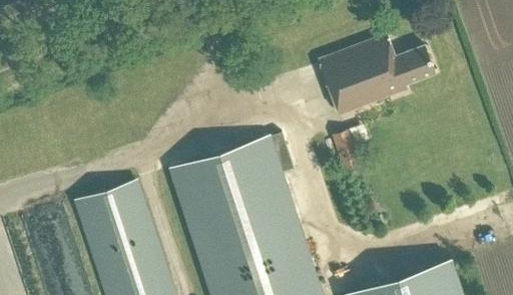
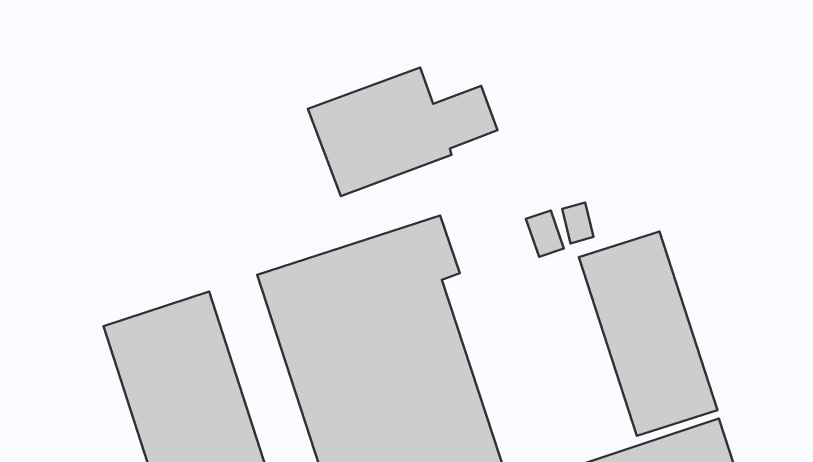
building: [320,37,435,115] -> [308,68,498,196]
building: none -> [579,232,717,436]

